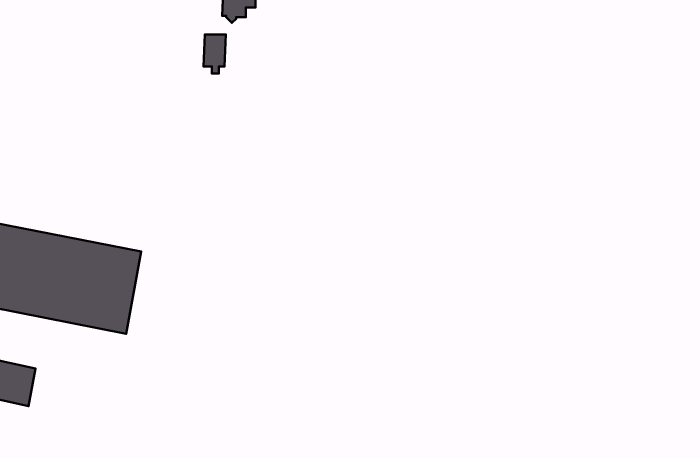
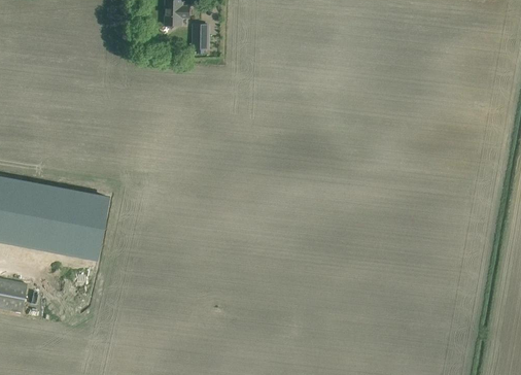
building: [204,35,226,74] -> [193,25,209,54]

